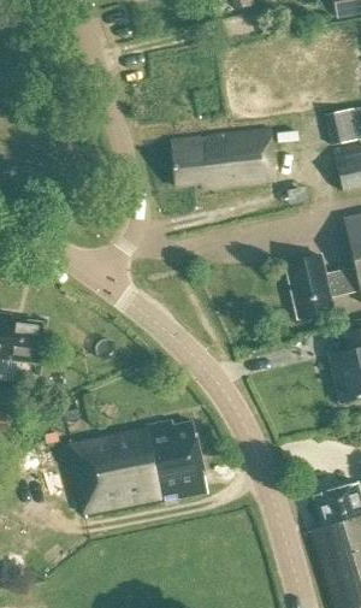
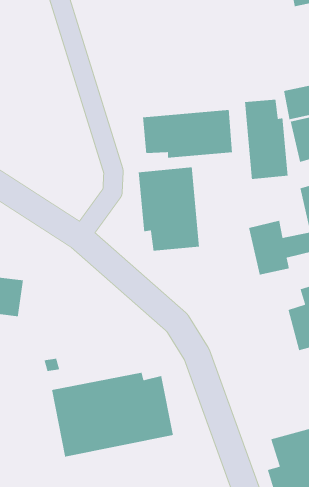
building: none -> [244,99,288,180]
building: none -> [138,166,200,251]

